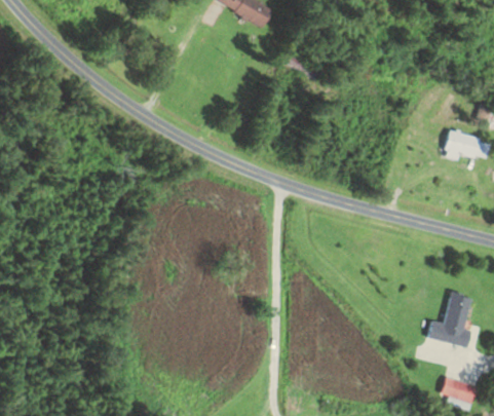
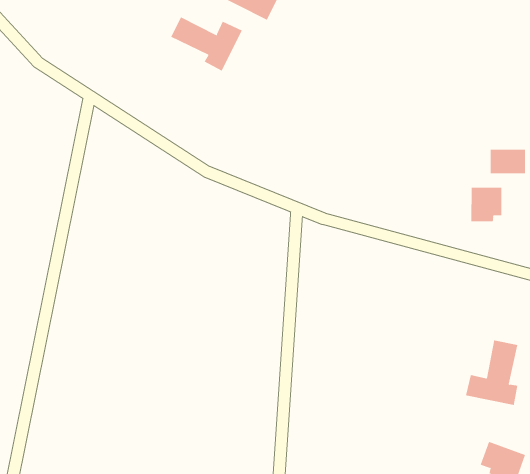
building: none -> [170,17,243,71]
building: none -> [471,187,502,222]

